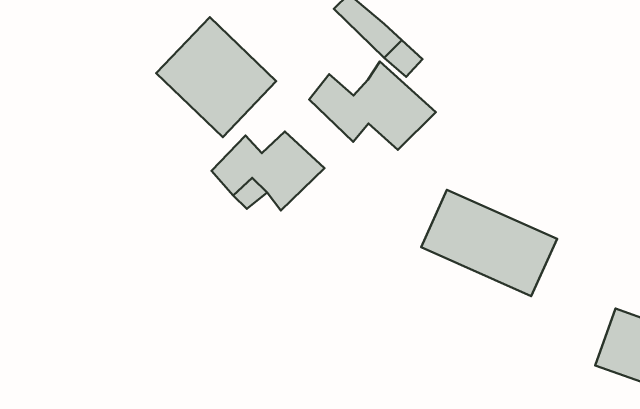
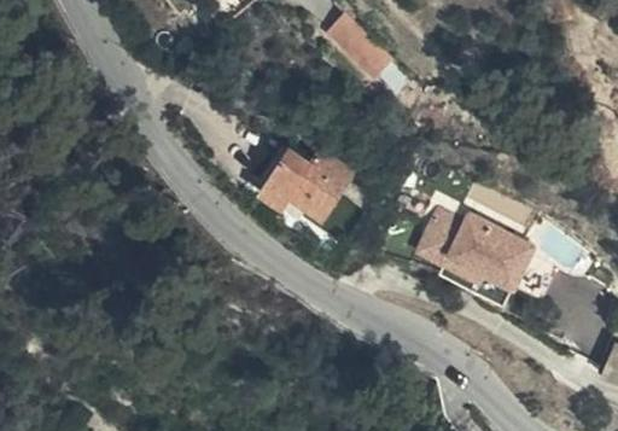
building: [156,17,276,137] -> none
building: [309,61,436,150] -> none

